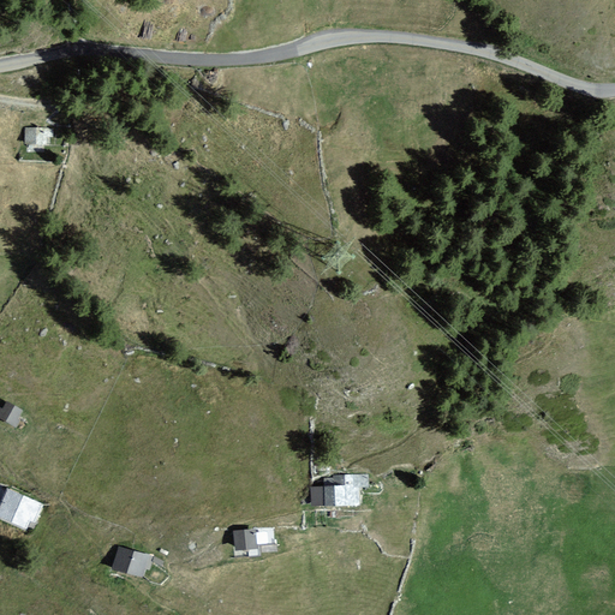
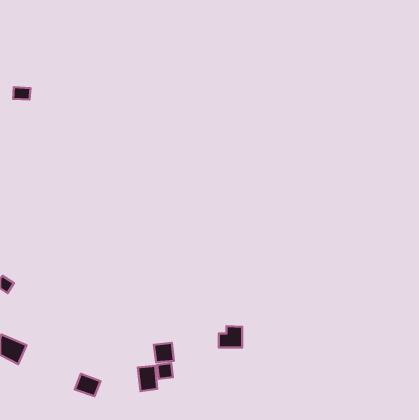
building: none -> [154,343,174,362]
building: none -> [138,366,157,391]

